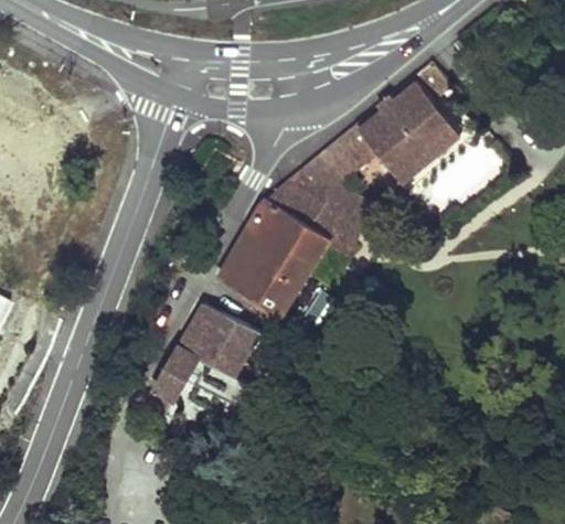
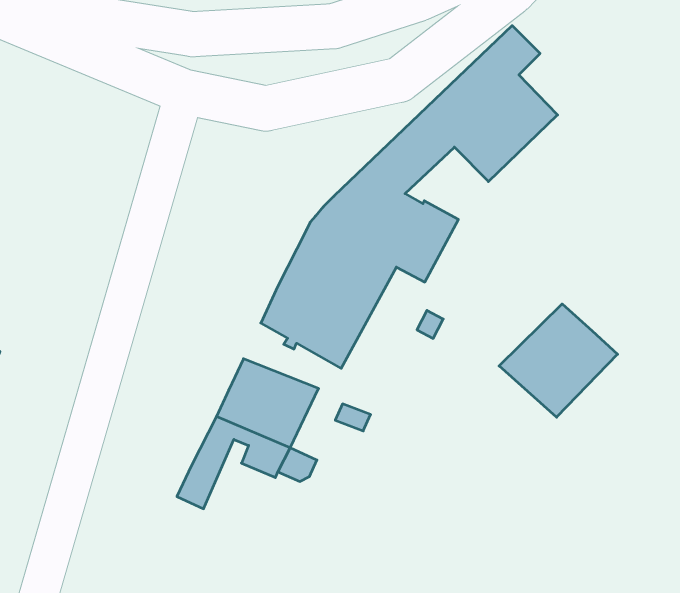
building: none -> [499,304,618,417]

